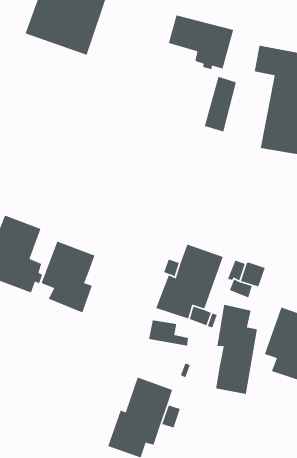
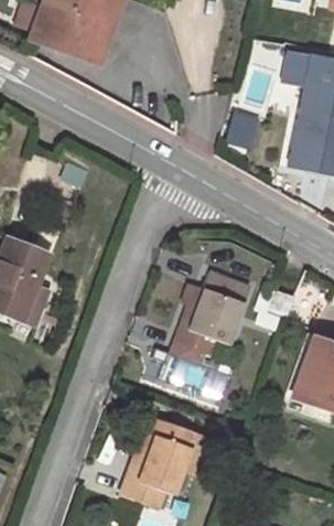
building: [168,14,234,70] -> none
building: [41,240,96,314] -> none
building: [215,304,258,395] -> none

